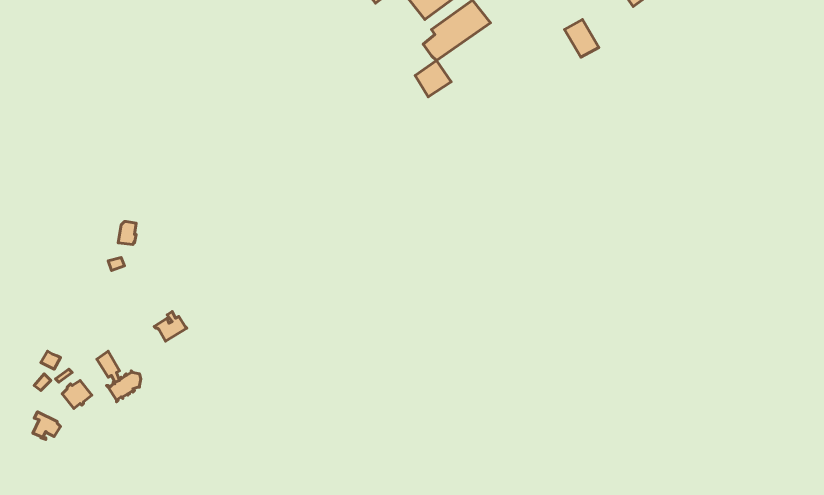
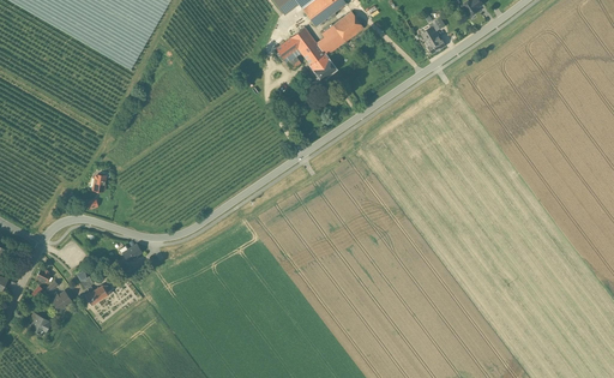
building: none -> [275,26,321,61]

